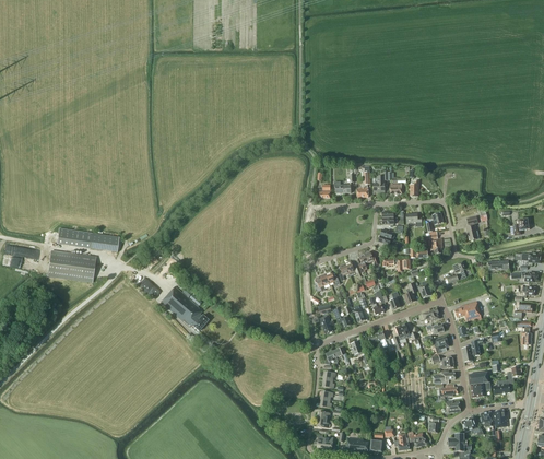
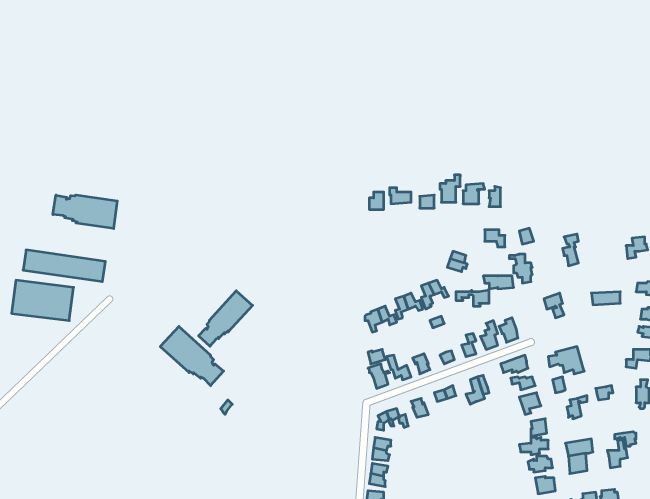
building: none -> [53,195,117,229]
building: none -> [199,291,253,346]

